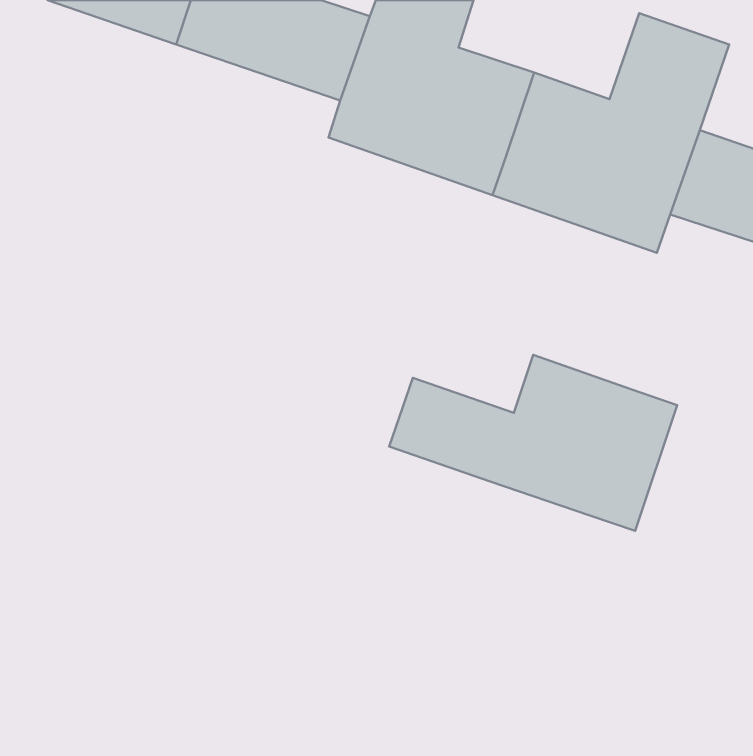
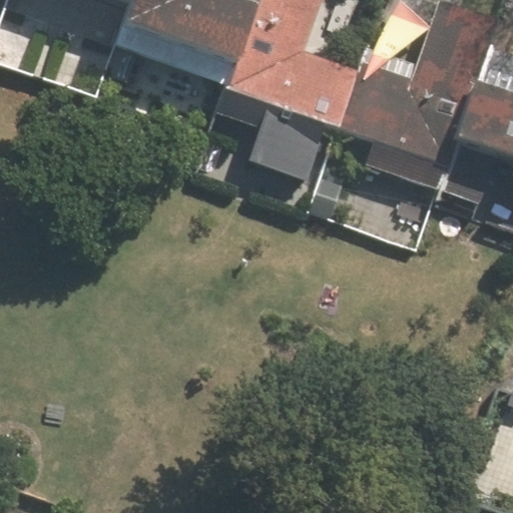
building: [389,355,677,531] -> none

